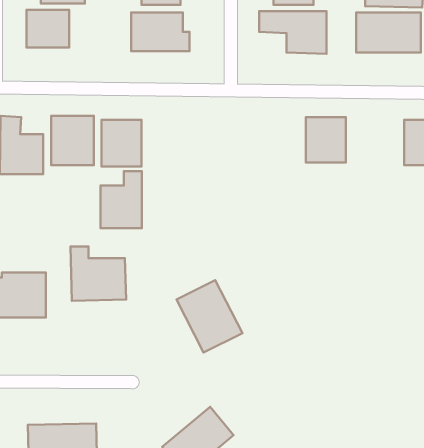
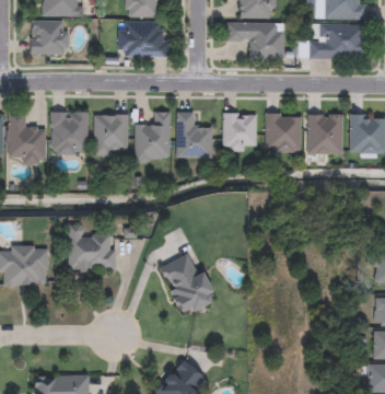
building: none -> [177,113,212,158]
building: none -> [223,113,257,151]
building: none -> [308,114,342,153]
building: [100,171,142,228] -> [136,112,171,160]

